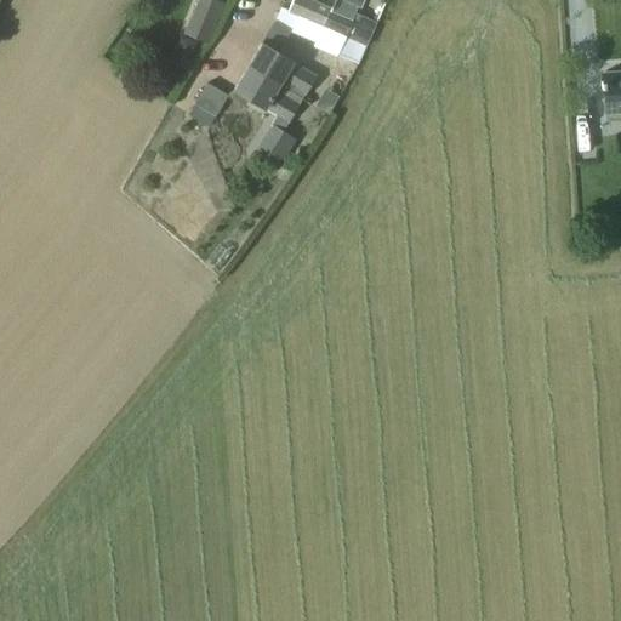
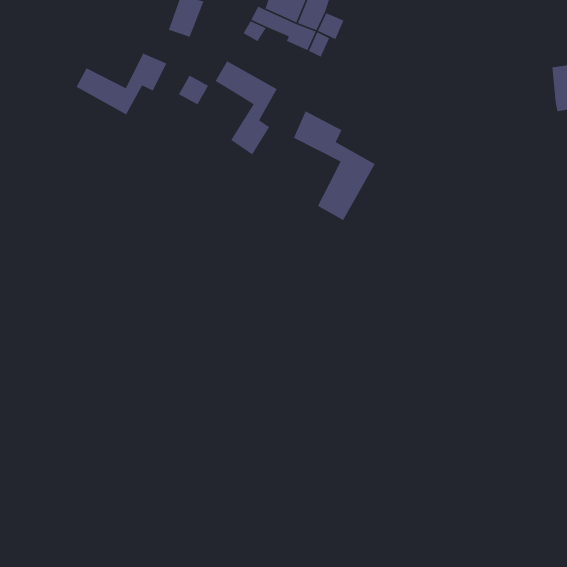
building: [249,44,318,97] -> none
building: none -> [76,52,167,115]
building: none -> [293,110,376,221]

